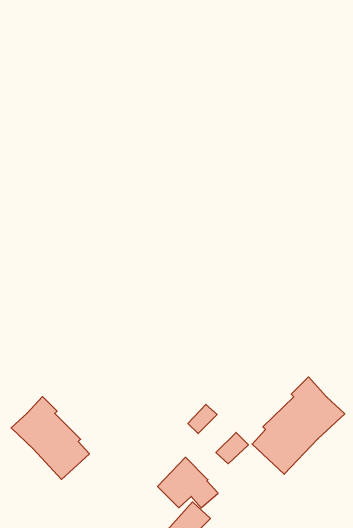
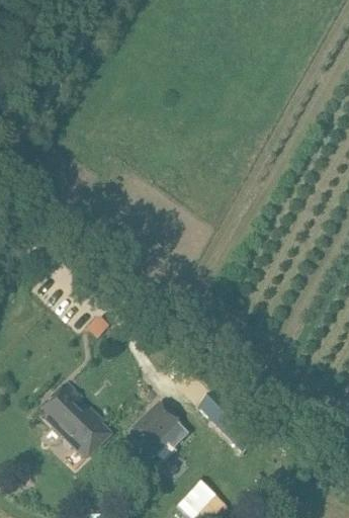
building: [252,377,345,474] -> none
building: [158,457,218,508] -> [134,402,188,447]

